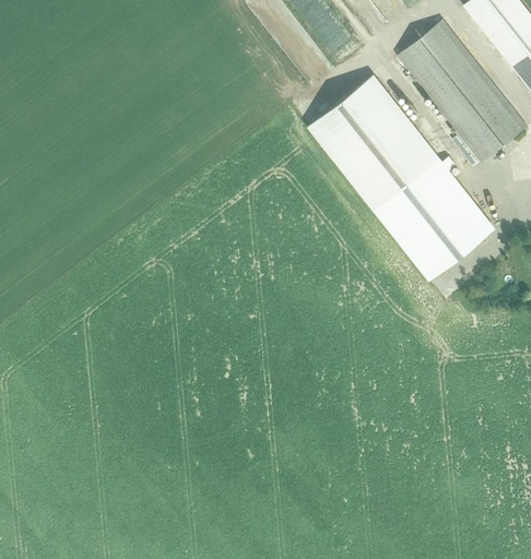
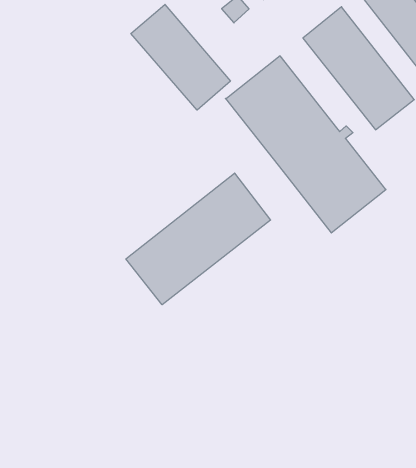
building: none -> [131,4,230,110]
building: none -> [126,173,271,305]

